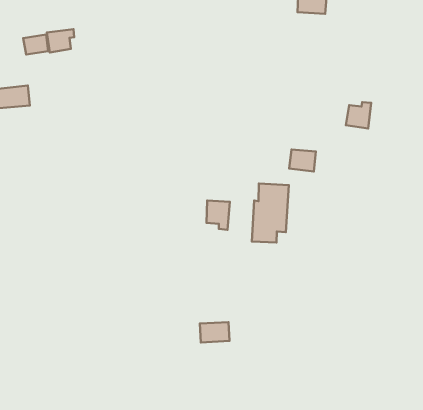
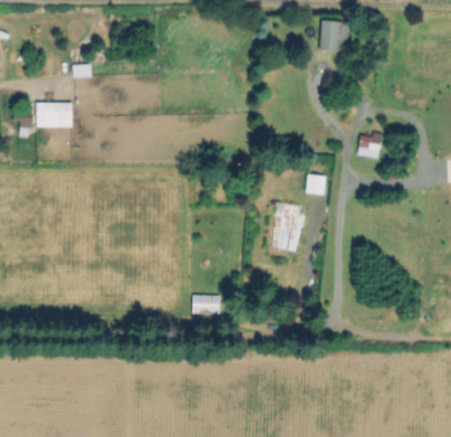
building: [47,29,74,52] -> none
building: [206,201,230,230] -> none
building: [200,322,230,342] -> [193,296,219,313]

